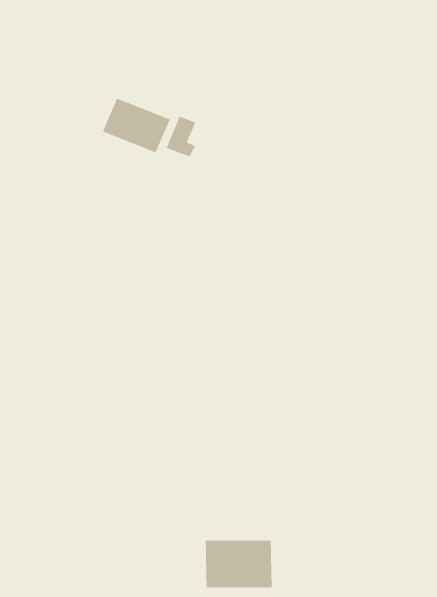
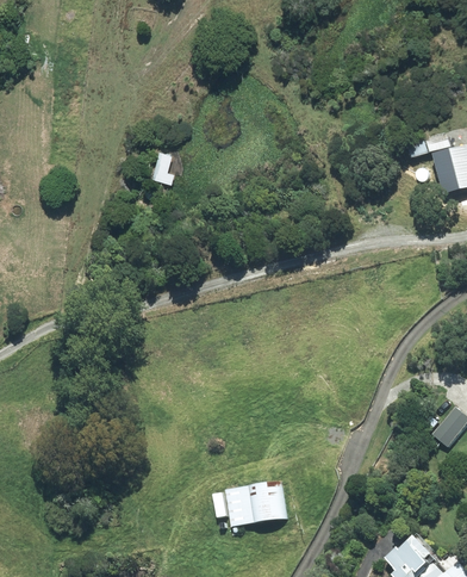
building: [102,98,170,153] -> none

